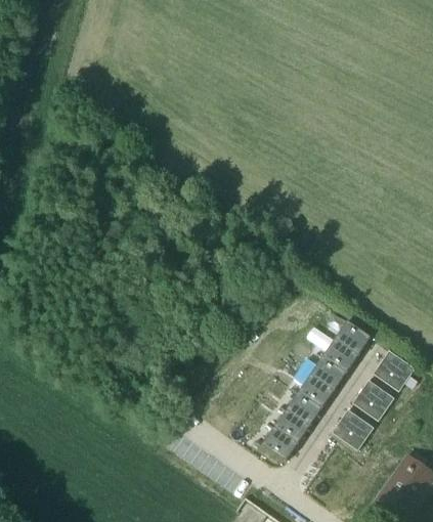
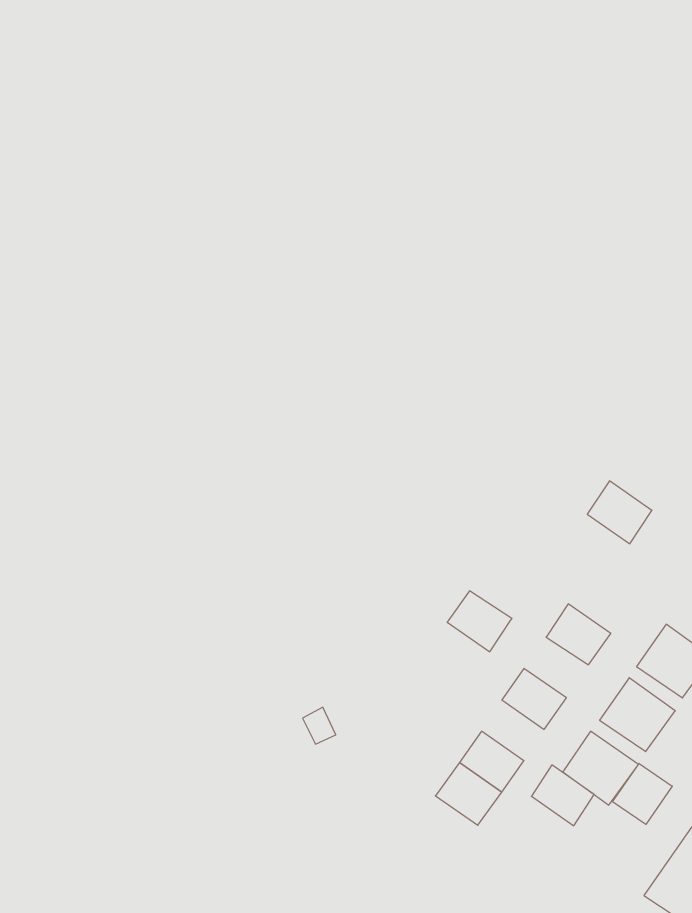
building: [335,319,371,354] -> [587,481,652,544]
building: [310,356,346,390] -> [447,591,512,652]
building: [287,391,321,425] -> [531,765,594,826]
building: none -> [613,763,672,824]

